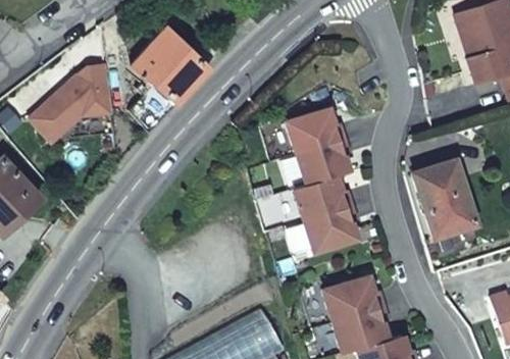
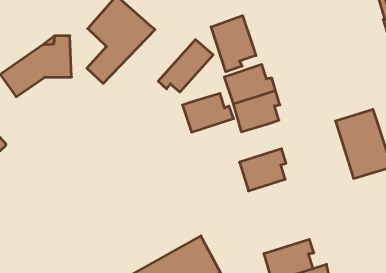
building: none -> [211,16,256,72]
building: none -> [158,40,213,92]
building: [293,174,351,218] -> [182,93,234,132]
building: [321,276,382,322] -> none

